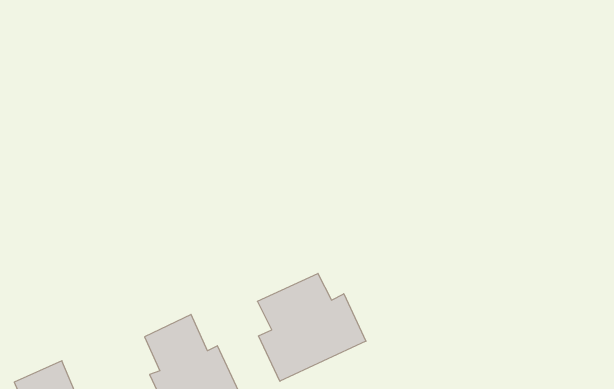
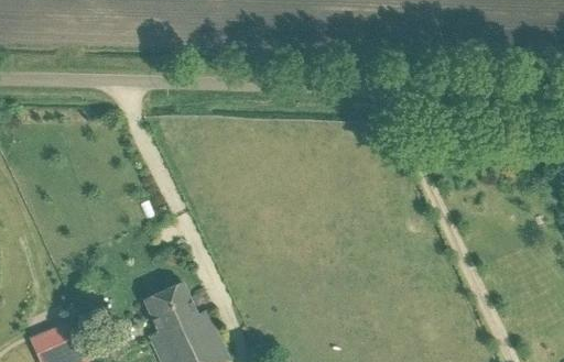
building: [257,273,366,381] -> none

